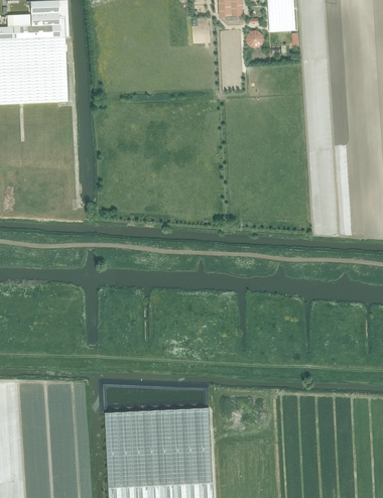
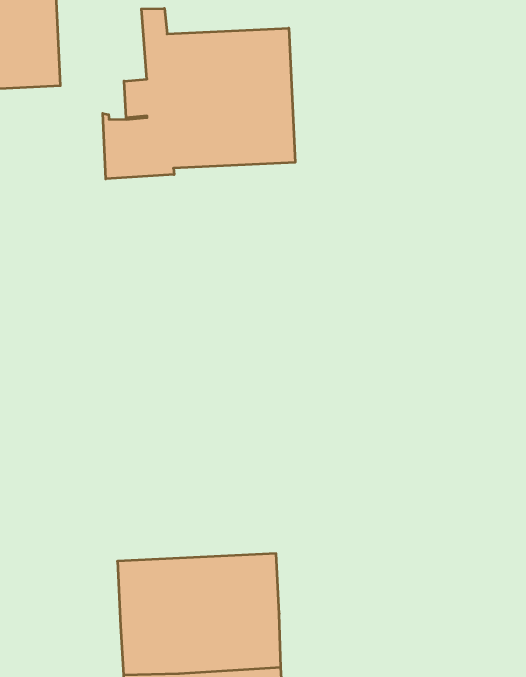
building: none -> [103,8,295,179]

